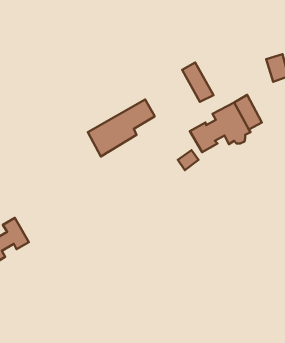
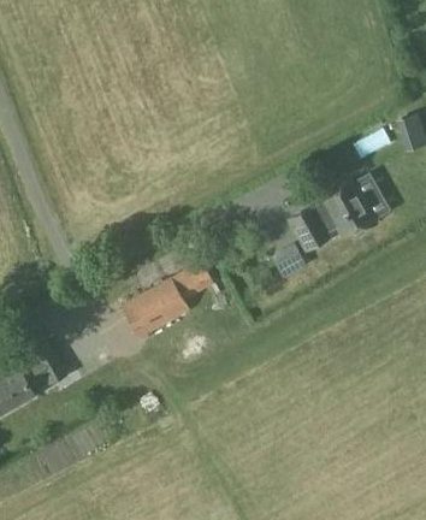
building: [182,63,214,102] -> none
building: [88,99,155,157] -> [122,260,214,339]

